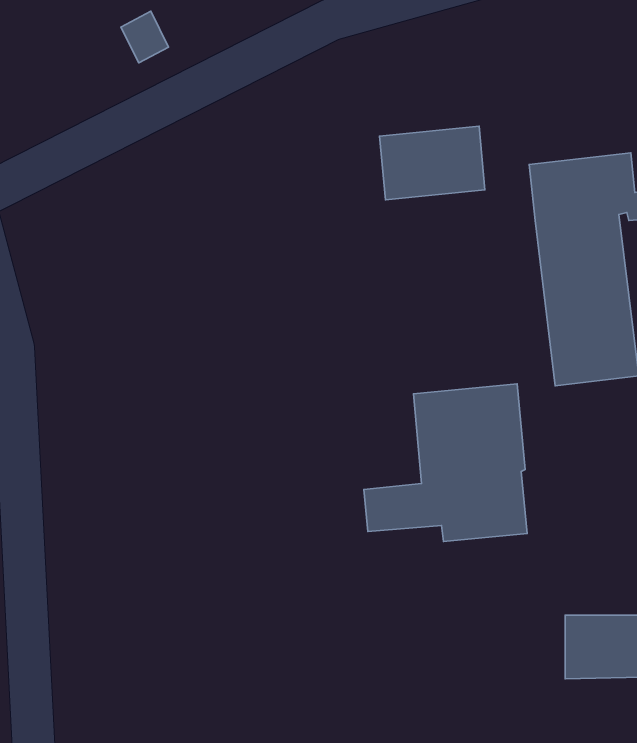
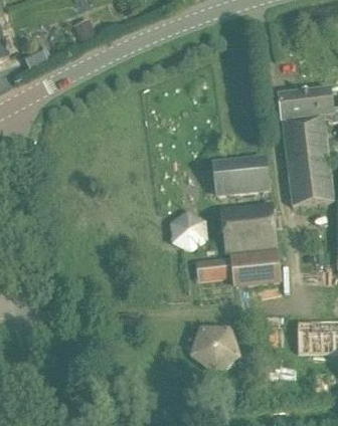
building: [379,126,485,200] -> [213,157,267,194]
building: none -> [169,211,206,252]
building: none -> [189,328,240,376]

